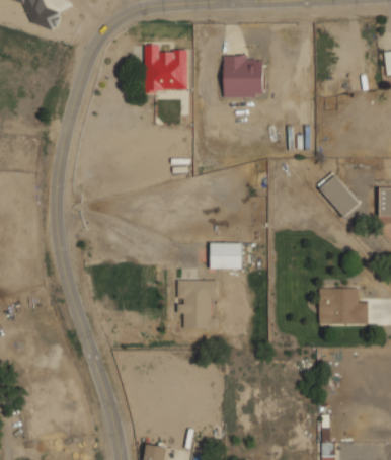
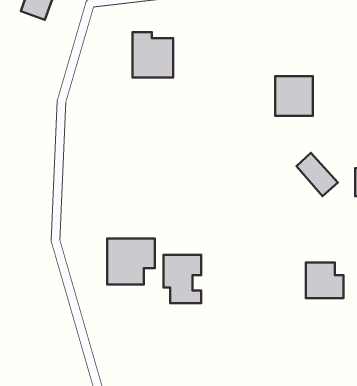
building: [223,56,262,97] -> [275,76,313,116]
building: [210,242,242,270] -> none
building: none -> [107,239,155,284]

